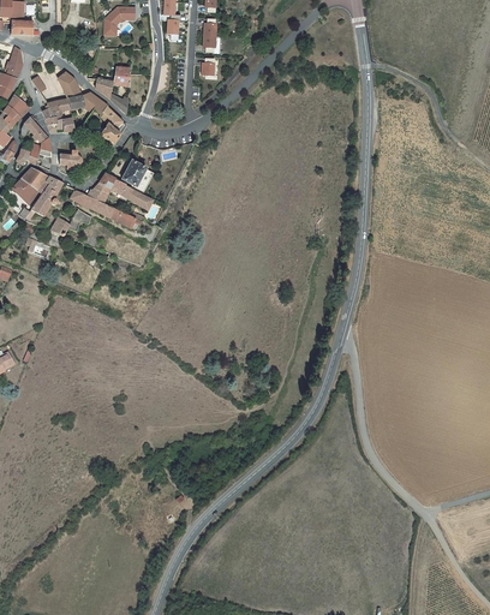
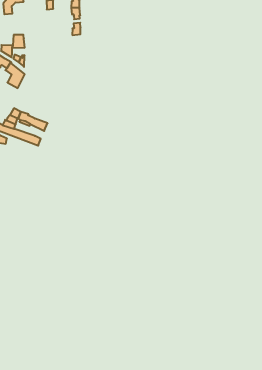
building: [121,160,154,191] -> none

